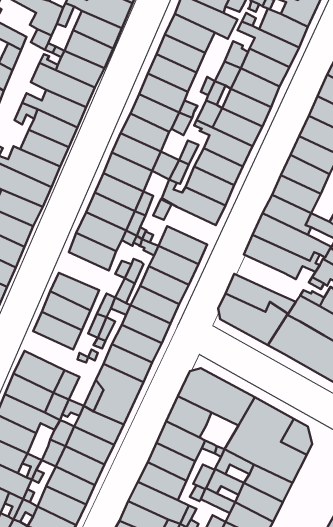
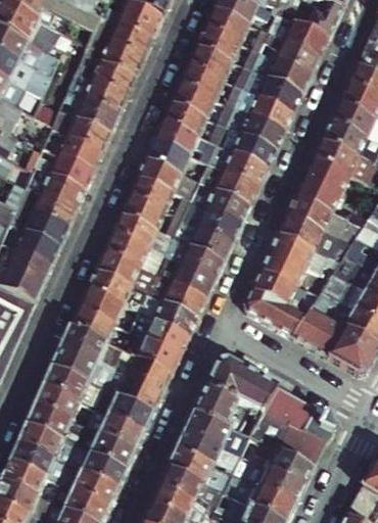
building: none -> [196,205,242,241]
building: none -> [94,248,141,284]
building: none -> [259,250,306,286]
building: none -> [61,323,107,360]

